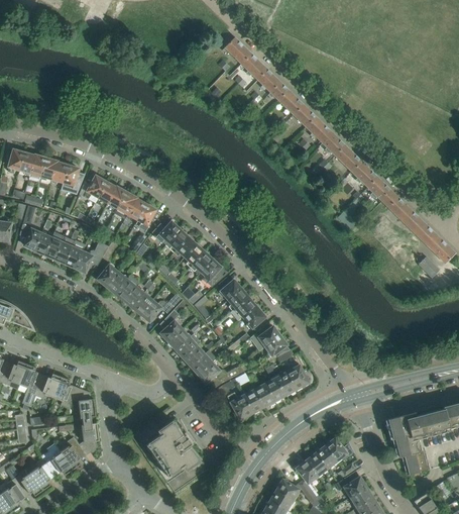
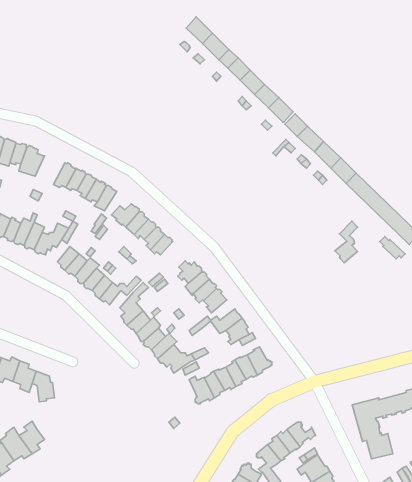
building: [79,176,105,203] -> none
building: none -> [335,221,358,263]
building: [200,260,224,288] -> none
building: [133,420,207,493] -> none
building: [78,424,98,455] -> none

